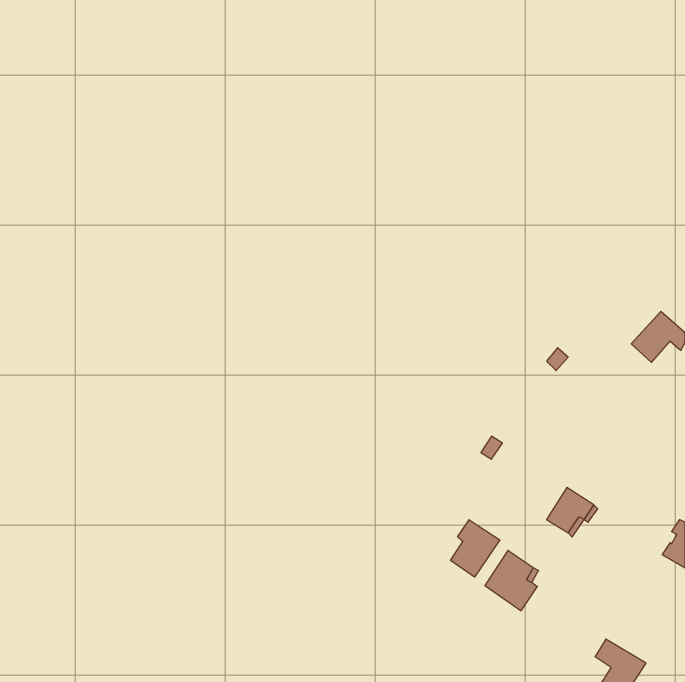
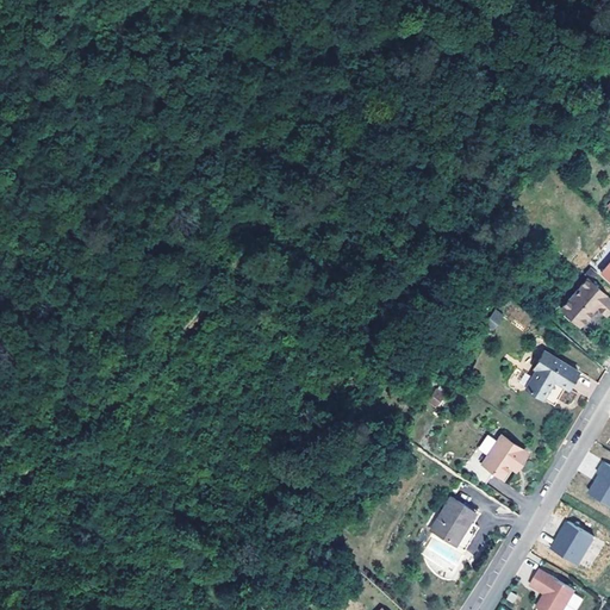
building: none -> [528,351,580,398]
building: [451,520,500,577] -> none
building: none -> [548,524,592,567]

